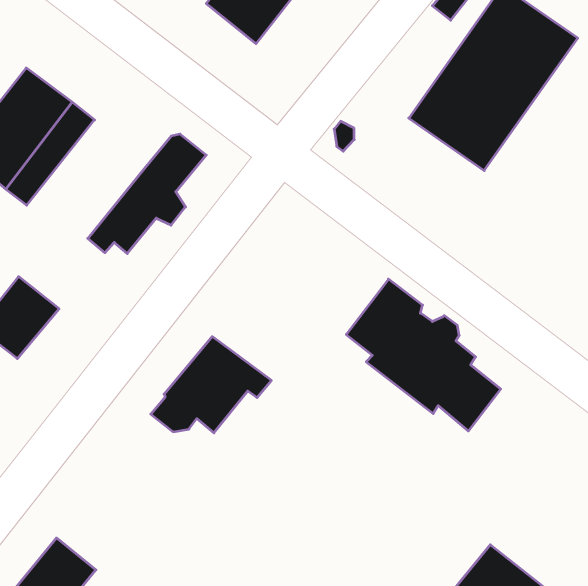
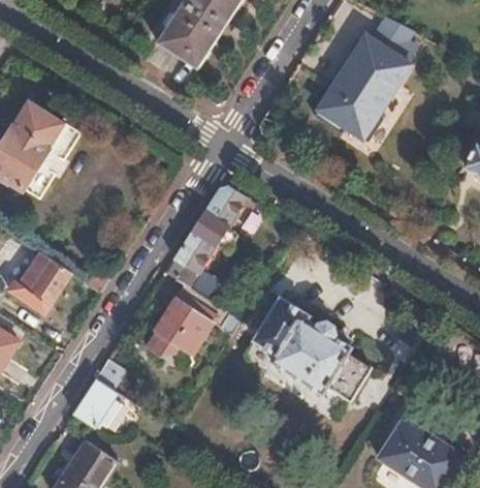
building: [88,134,206,254] -> [167,184,248,276]
building: [346,279,501,431] -> [252,296,369,401]
building: none -> [72,358,125,426]

